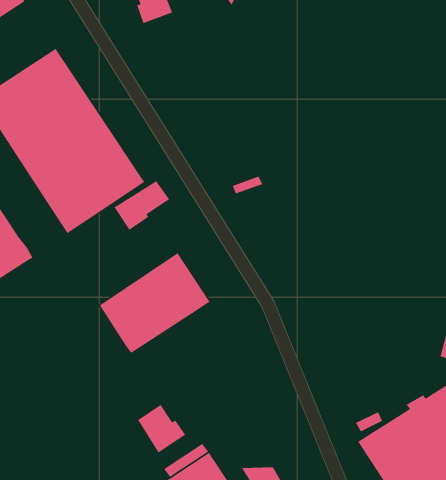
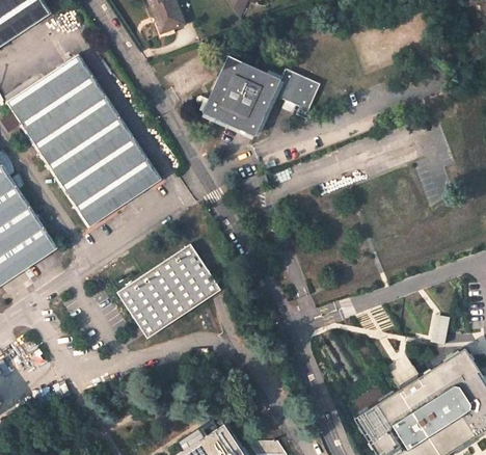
building: none -> [204,56,321,136]
building: [114,180,170,231] -> none
building: [137,404,186,453] -> none

